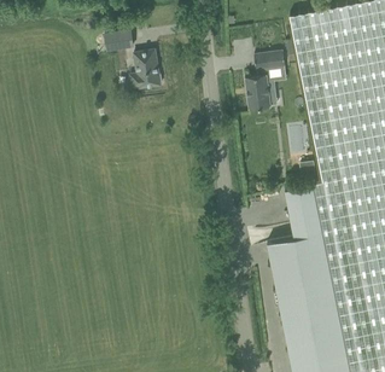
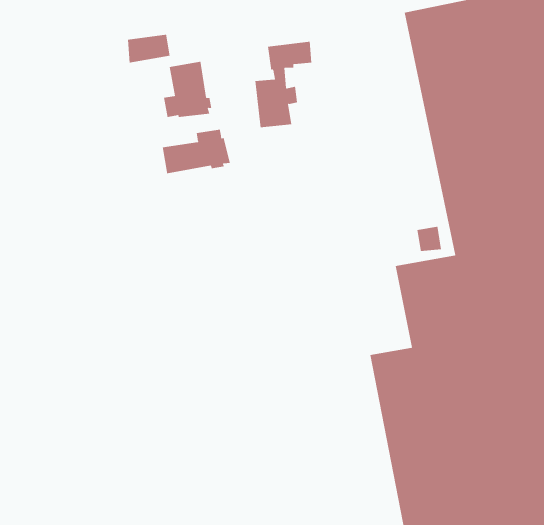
building: [245,52,284,110] -> [254,41,312,128]
building: none -> [162,129,231,174]

